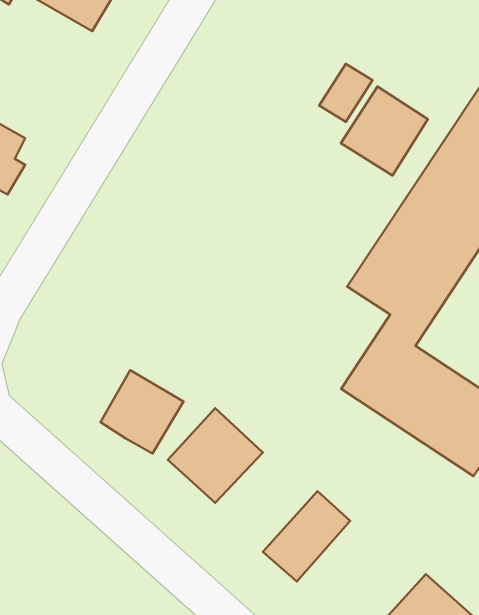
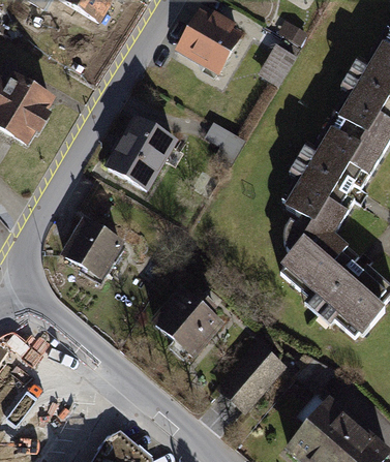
building: none -> [174,9,241,74]
building: [341,87,428,175] -> none
building: none -> [102,120,177,197]
building: [100,370,184,453] -> [62,216,120,274]

